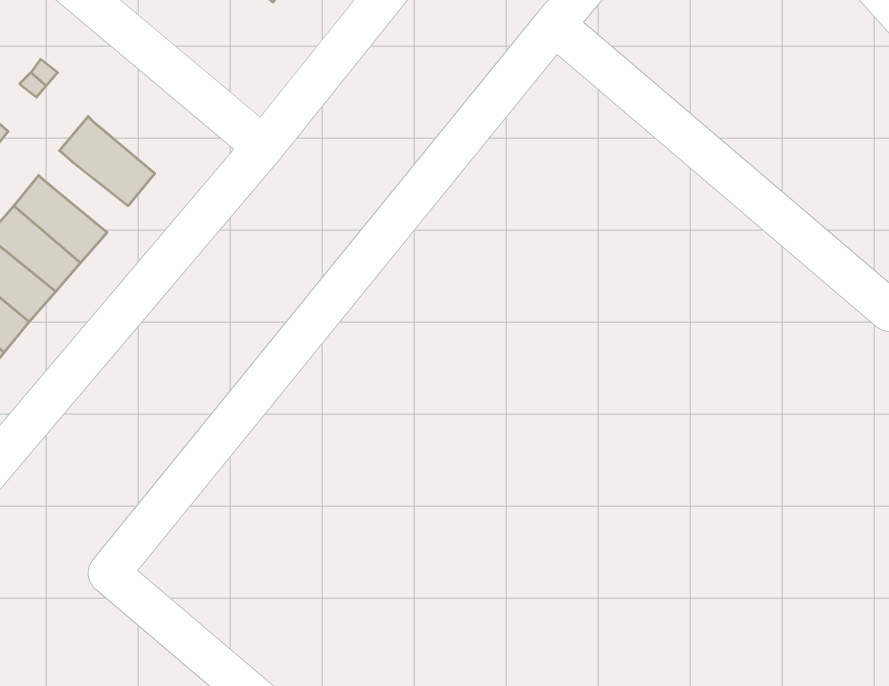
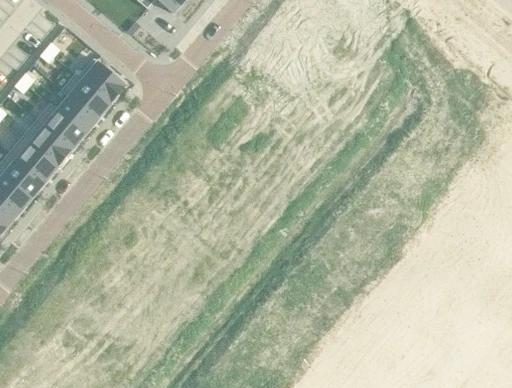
building: none -> [78,59,125,103]
building: none -> [56,97,96,134]

